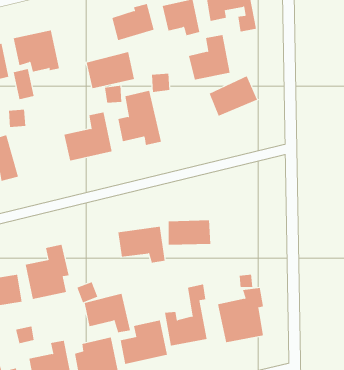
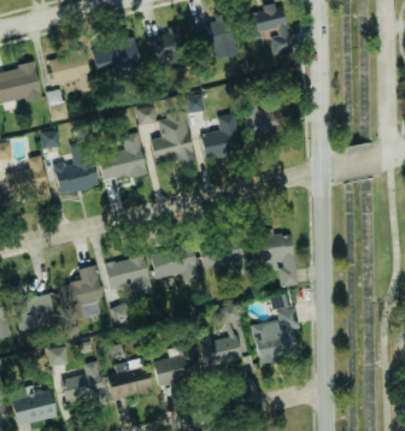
building: [188,34,230,80] -> [200,113,242,159]
building: [86,52,135,89] -> [92,37,141,75]
building: none -> [53,147,96,194]
building: none -> [248,230,297,287]
building: [84,293,131,333] -> [105,254,152,294]

